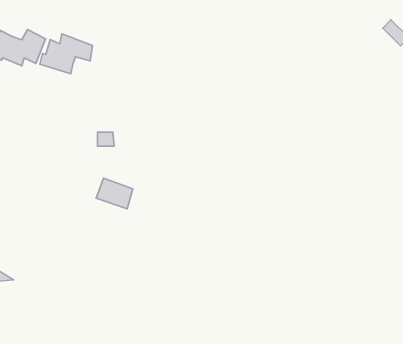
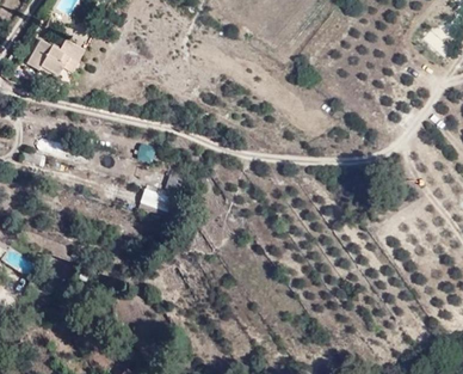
building: [40,34,92,74] -> none

